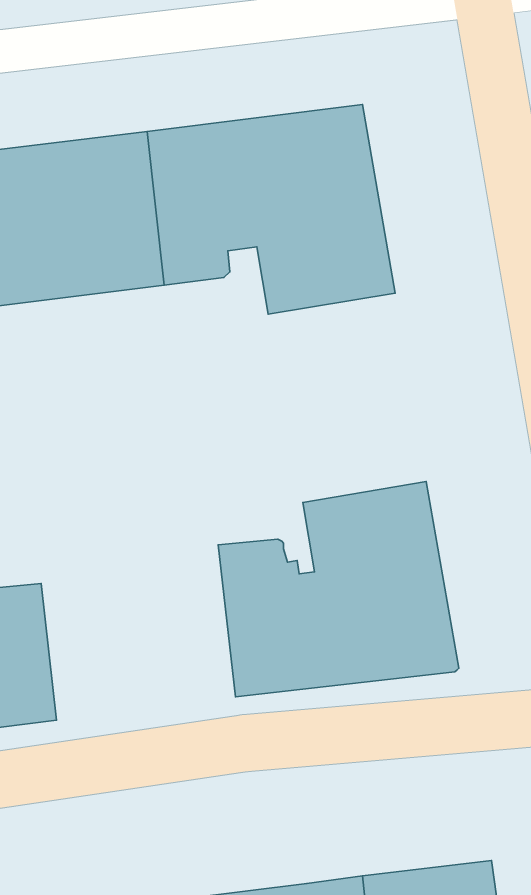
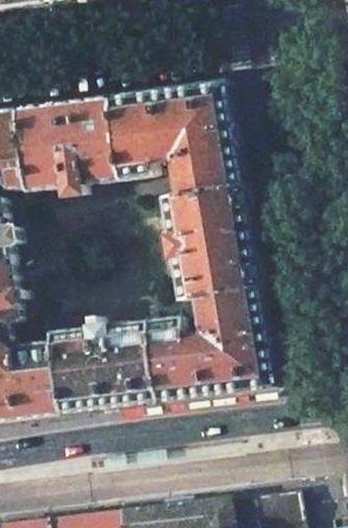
building: none -> [159,184,257,299]
building: none -> [50,319,155,412]

